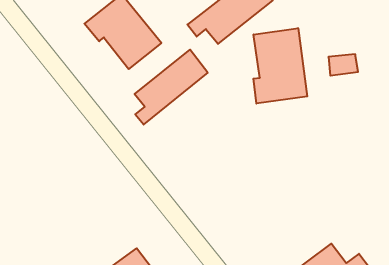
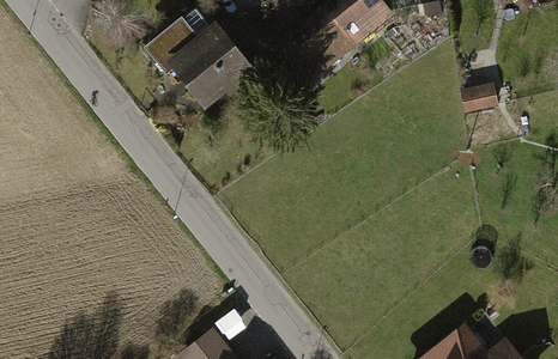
building: [253,28,307,104] -> none
building: [135,50,208,125] -> none

